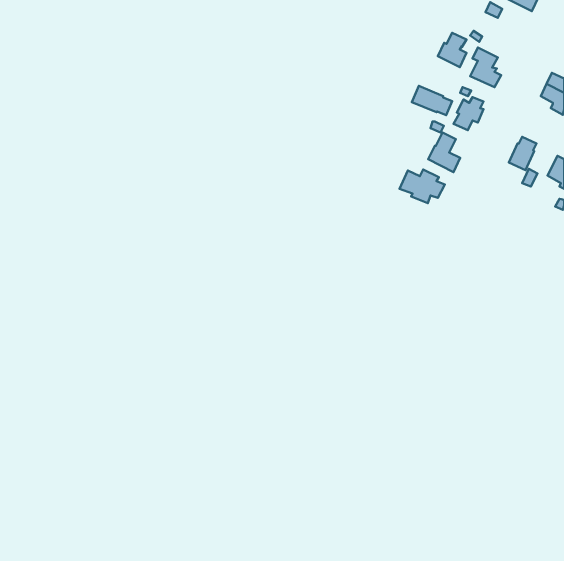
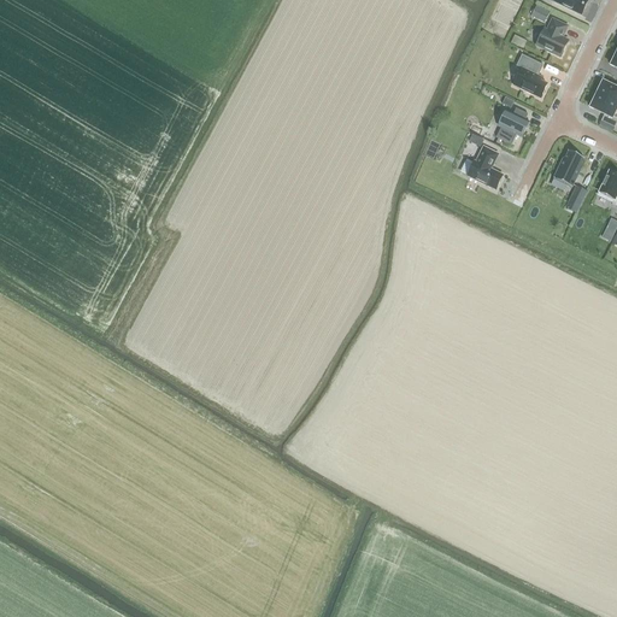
building: [438,33,466,67] -> [536,17,568,54]
building: [412,86,452,115] -> none
building: [399,170,445,203] -> none

